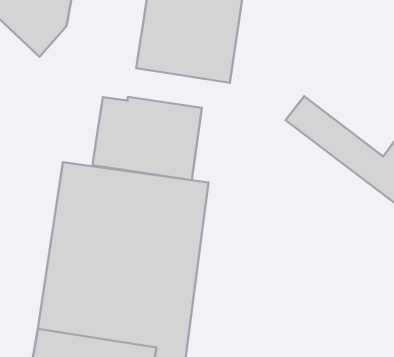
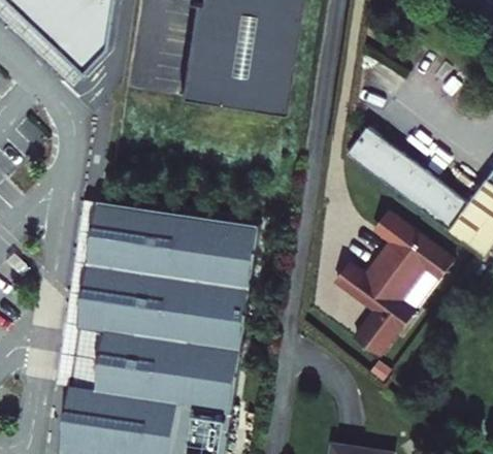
building: [93,97,202,180] -> none
building: none -> [335,216,453,361]

